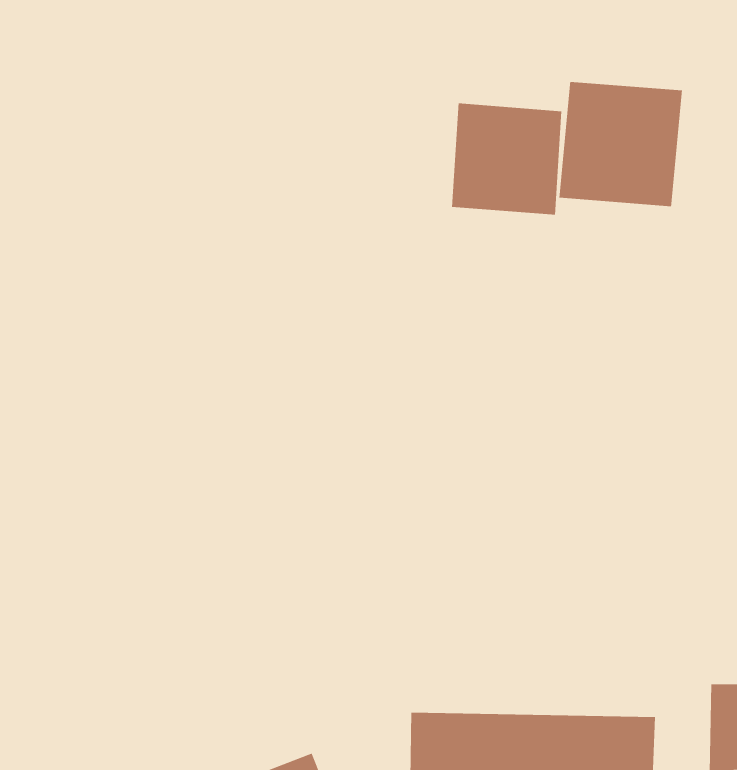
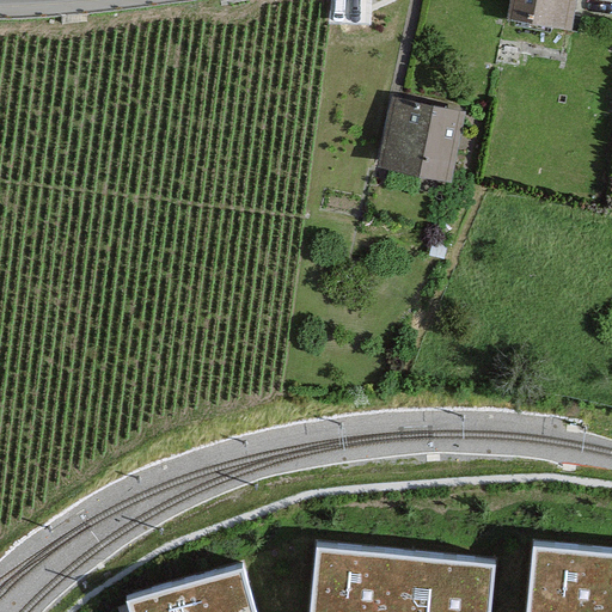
building: [559,81,682,207] -> none

